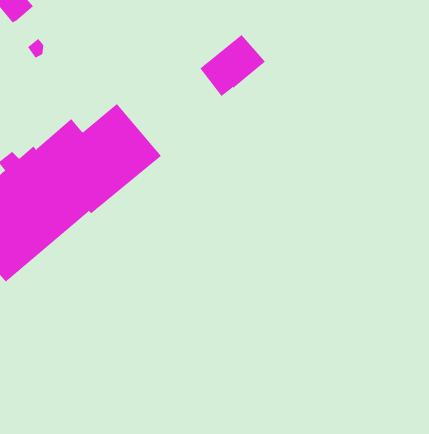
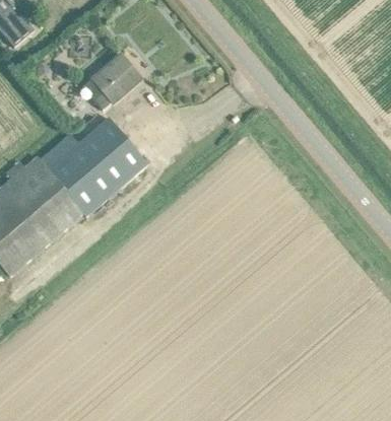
building: [200,34,266,97] -> [84,55,143,111]

